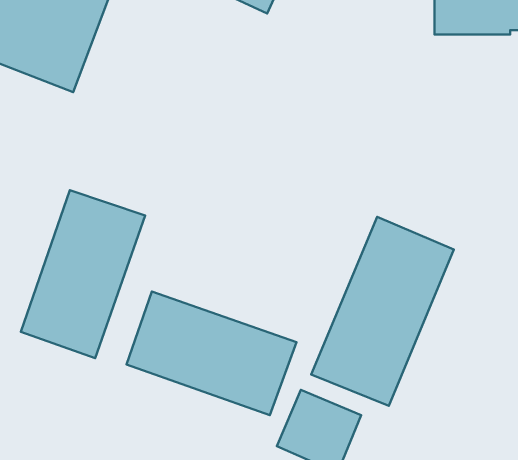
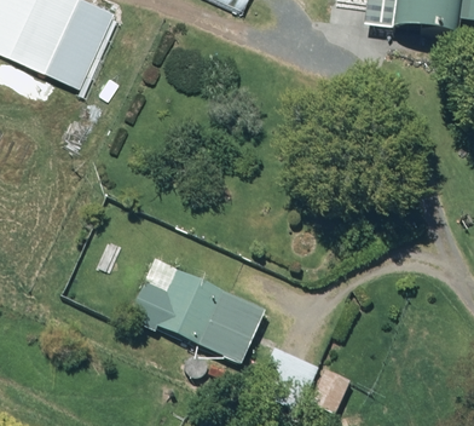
building: [21,190,145,358] -> none
building: [311,217,454,406] -> none

